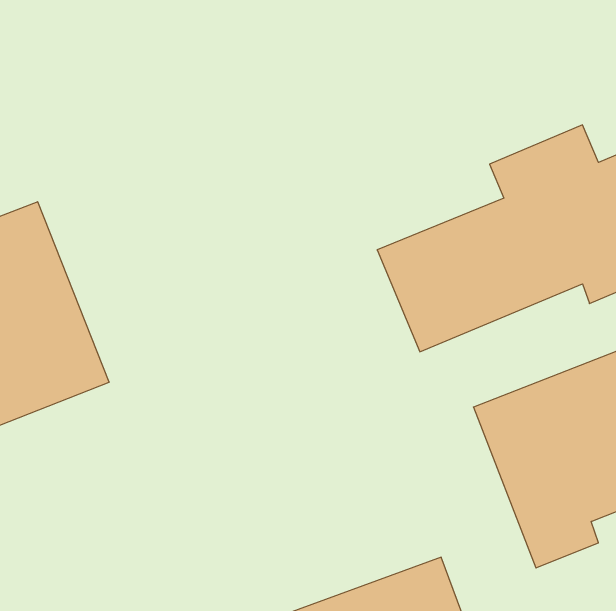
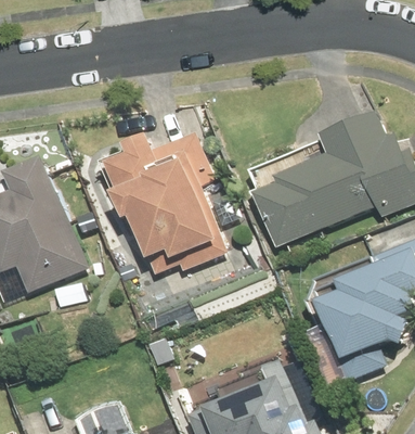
building: none -> [101,130,225,280]

